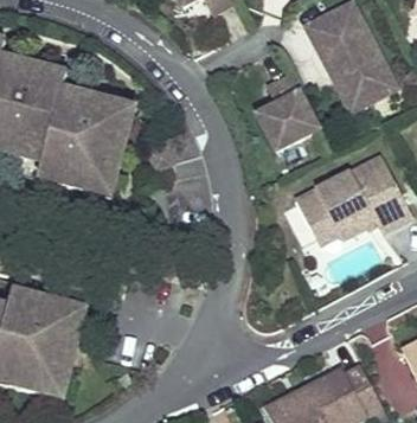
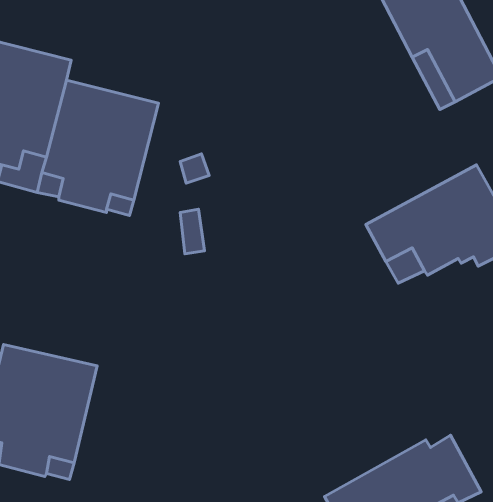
building: [256,72,320,149] -> none

